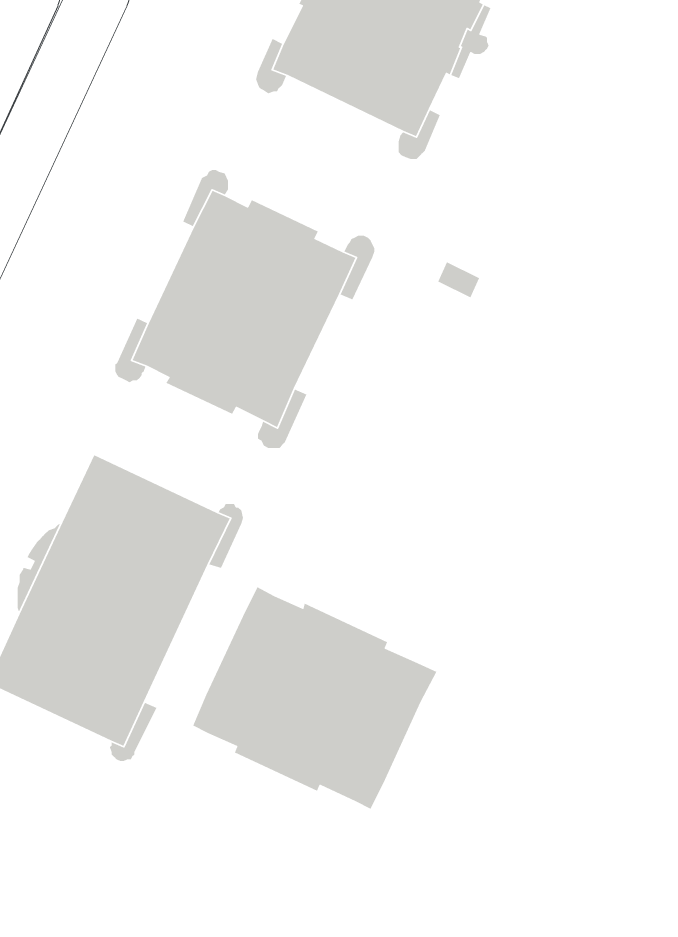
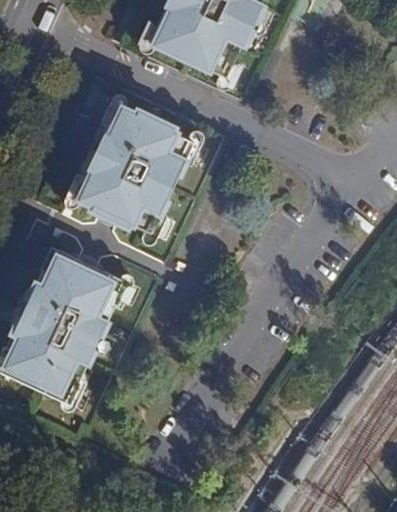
building: [192,586,437,810] -> none

